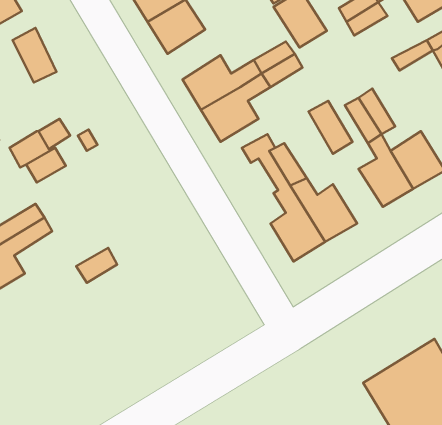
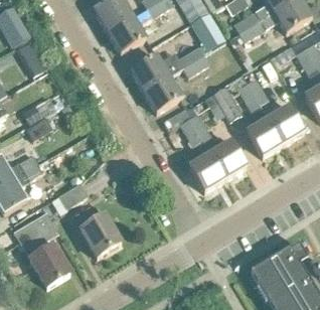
building: none -> [75,204,120,257]
building: none -> [13,211,68,287]

